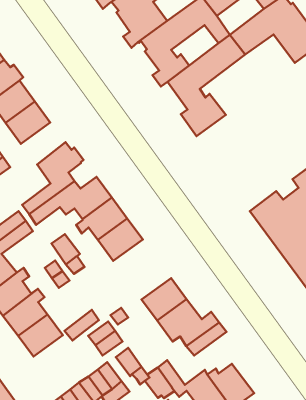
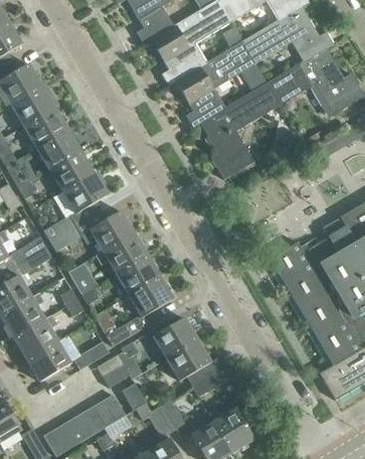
building: none -> [49,151,94,191]
building: none -> [101,276,173,345]

